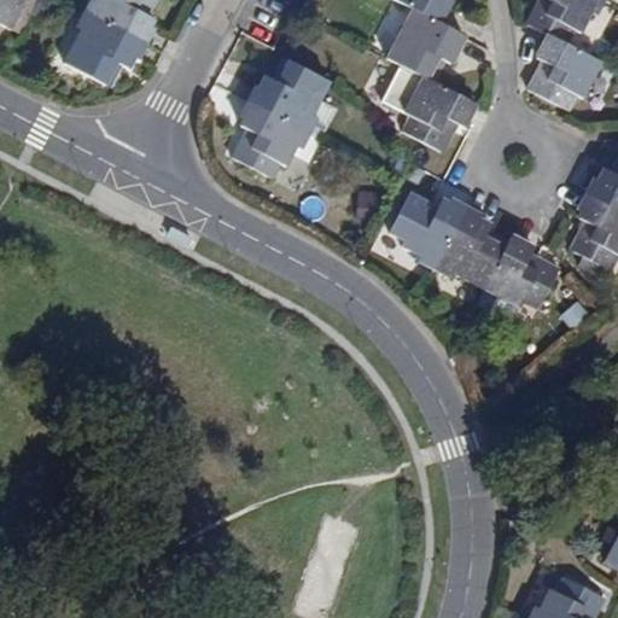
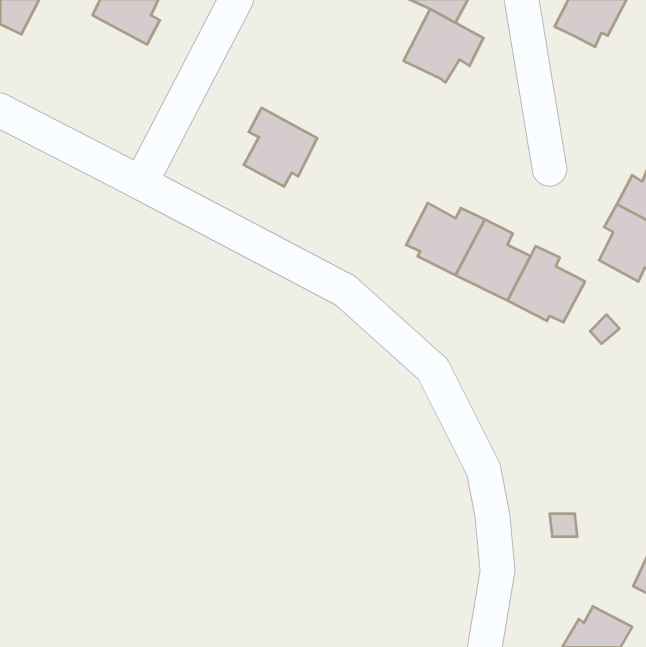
building: [65,14,142,84] -> none
building: [532,34,601,107] -> none
building: [251,60,331,132] -> none
building: [400,75,472,148] -> none

